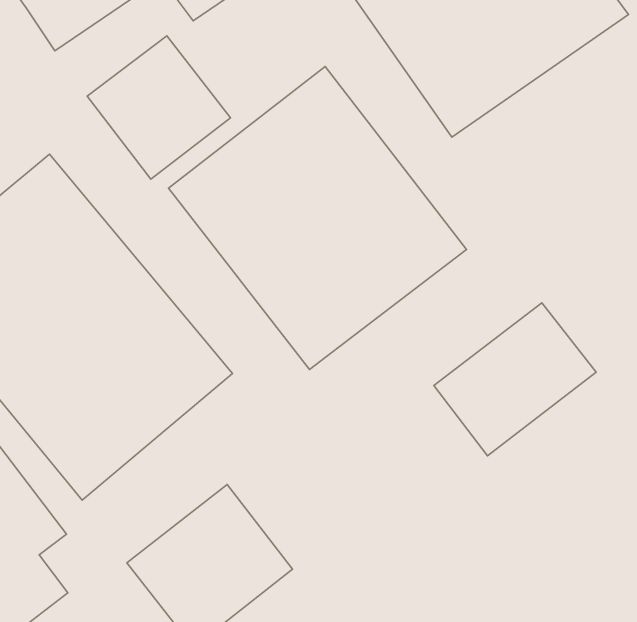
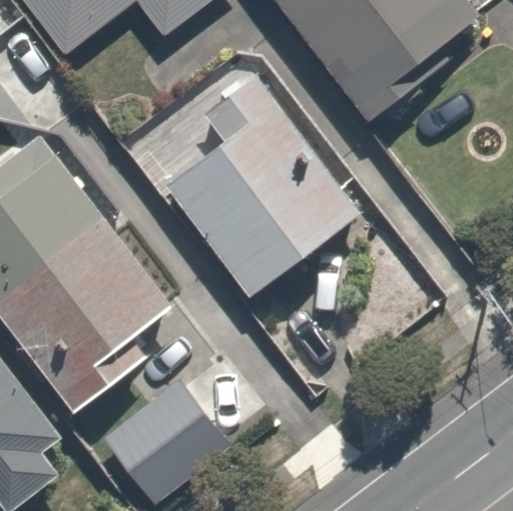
building: [87,36,231,179] -> none
building: [434,303,596,456] -> none

